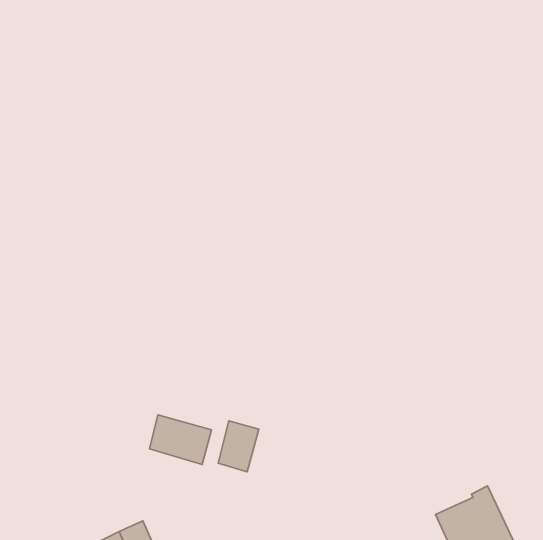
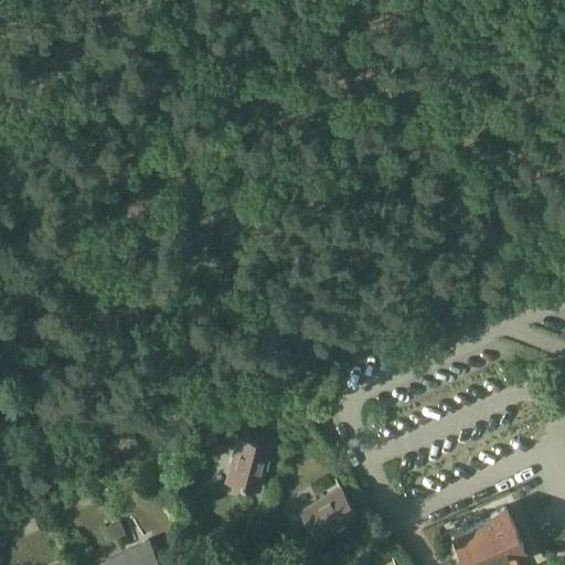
building: [149,415,211,465] -> none
building: none -> [299,491,355,543]

